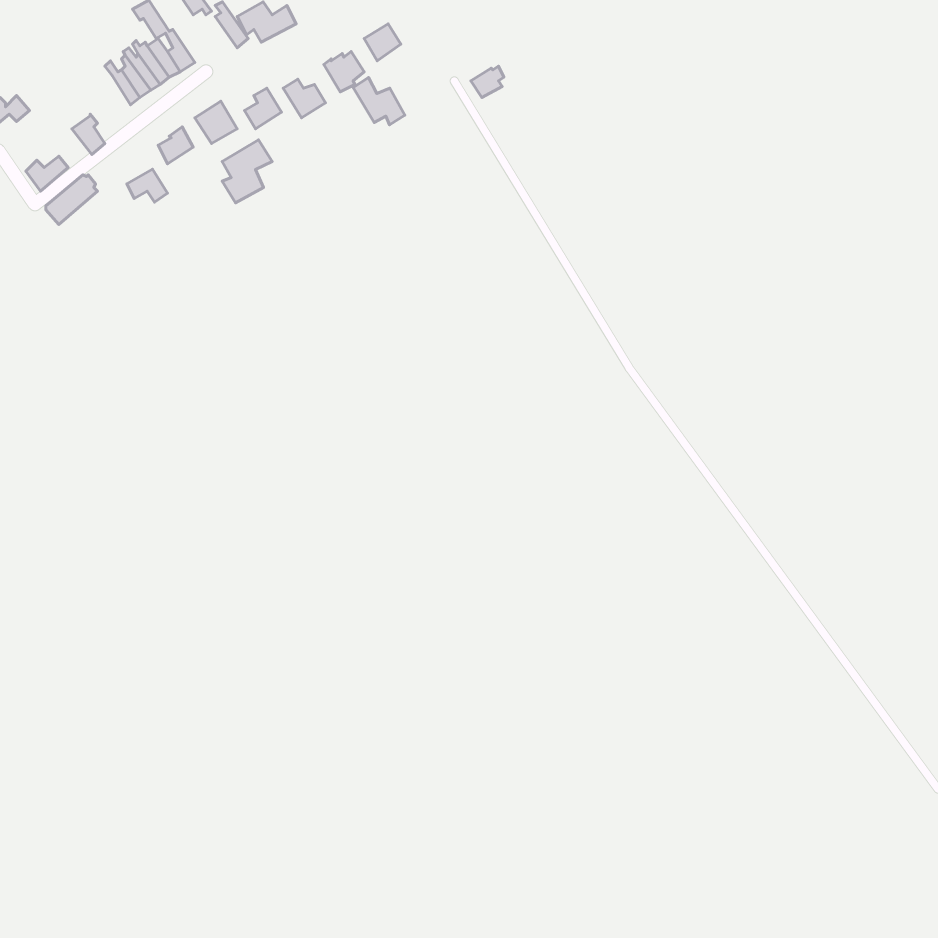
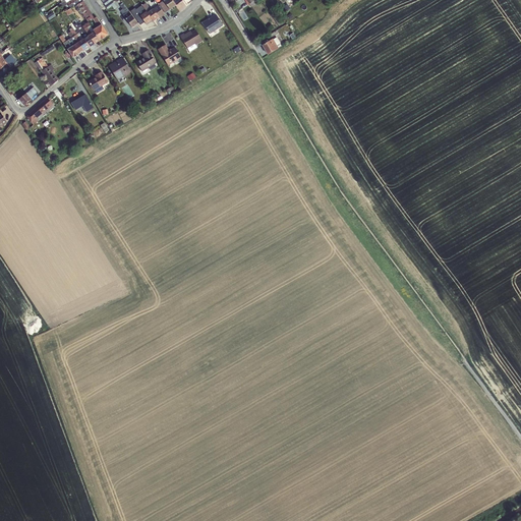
building: [353,78,405,125] -> none
building: [222,140,272,203] -> none

